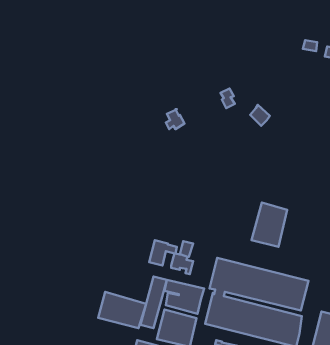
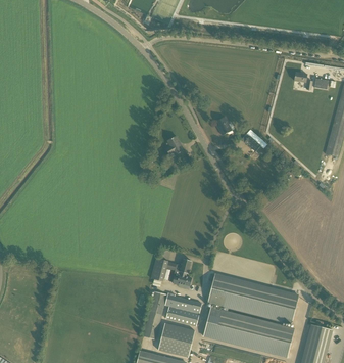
building: [252,202,287,247] -> none
building: [98,292,146,328] -> none

